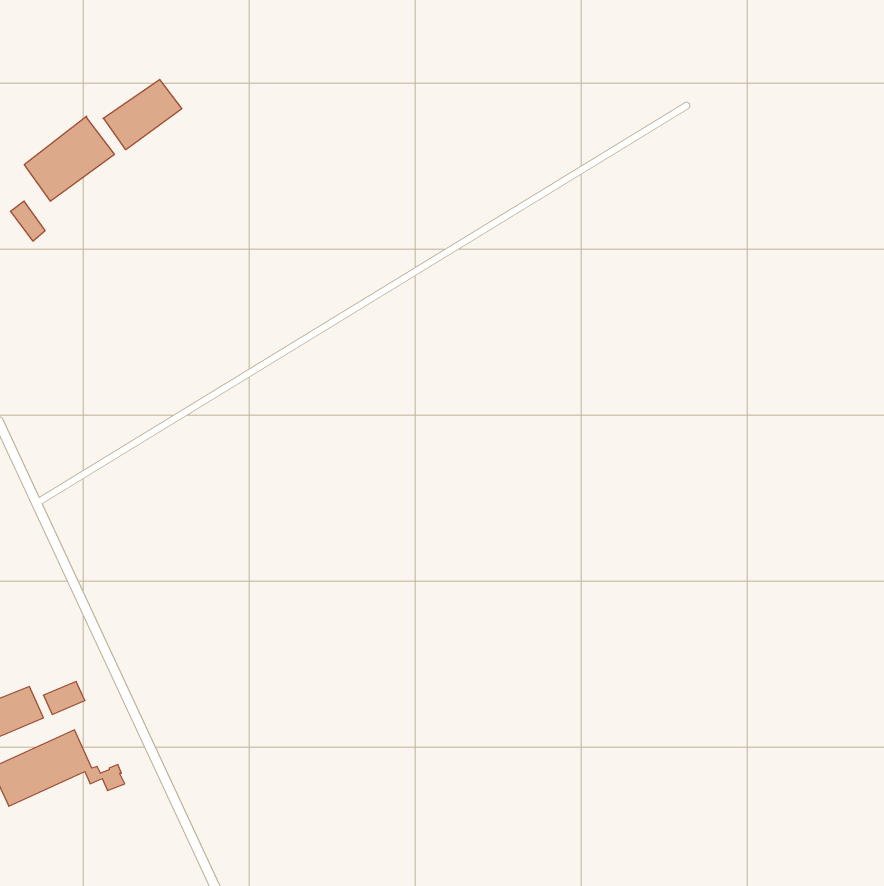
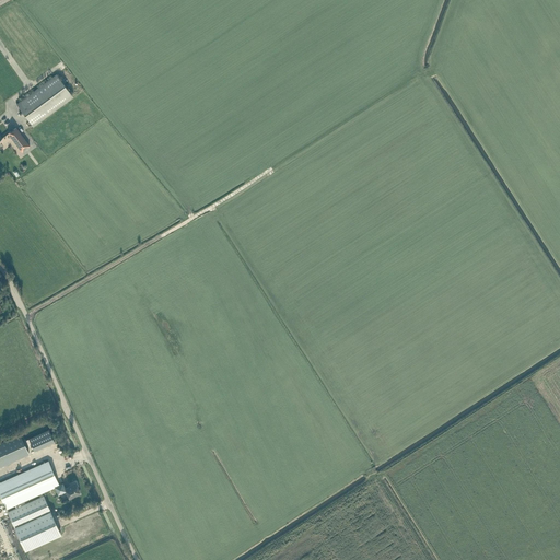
building: [103,79,182,150] -> none
building: none -> [7,495,59,549]

